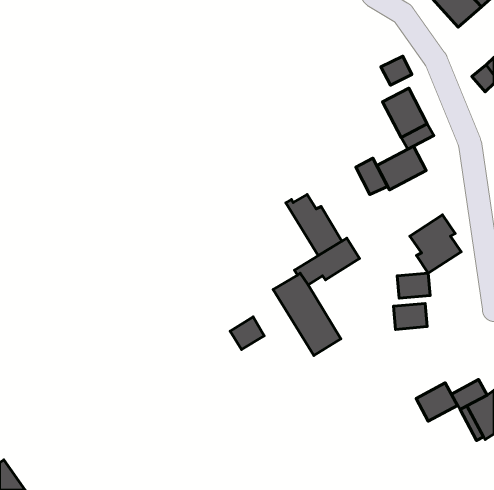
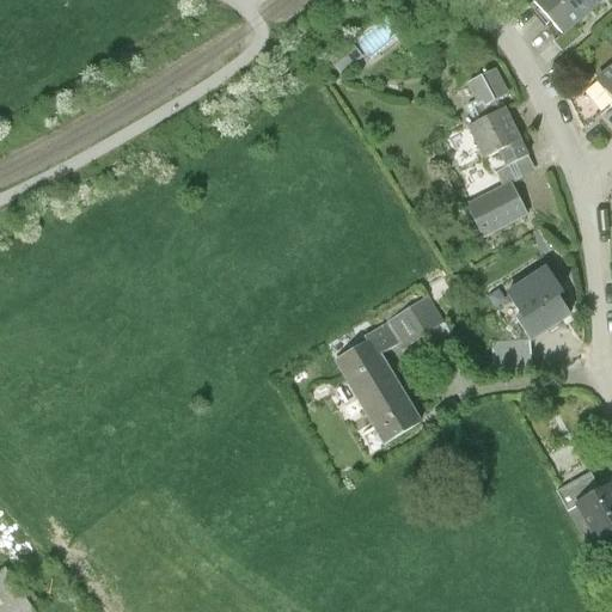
building: [356,158,388,194] -> none
building: [286,194,342,256] -> none
building: [393,303,427,329] -> none
building: [230,317,264,349] -> none
building: [416,383,457,421] -> none

